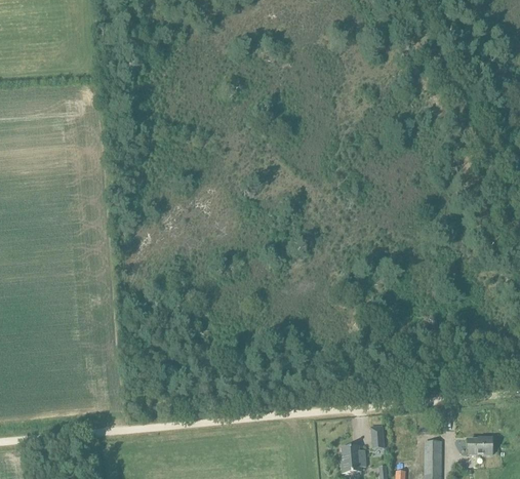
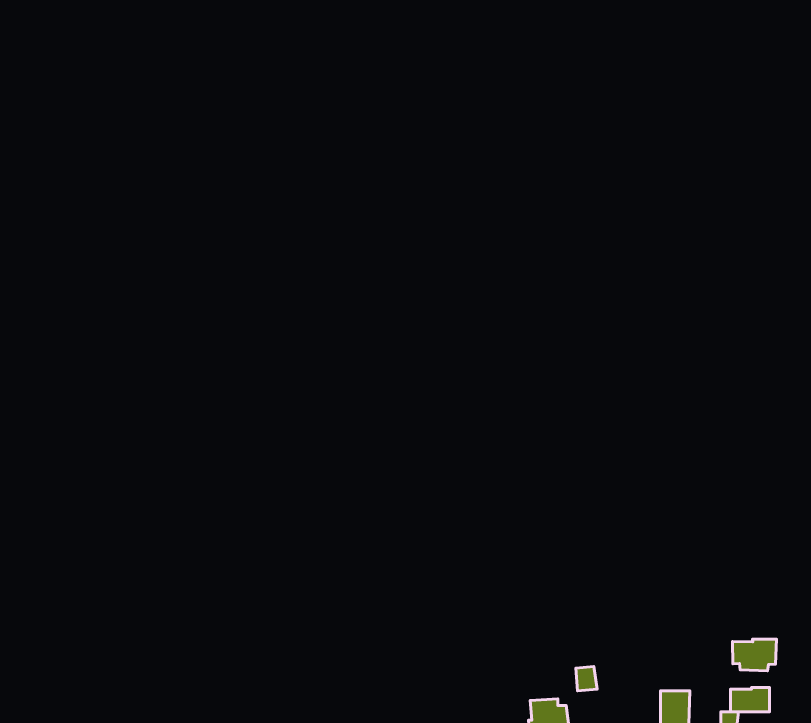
building: none -> [732,639,776,671]

